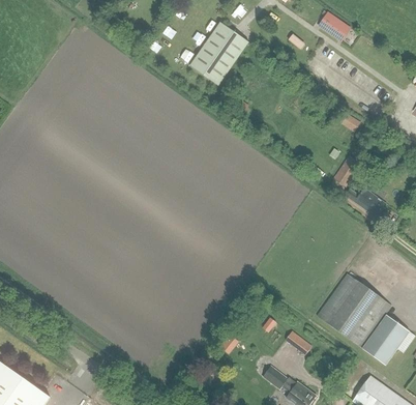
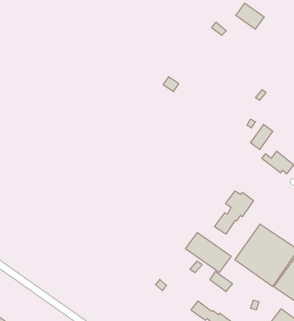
building: [190,23,249,86] -> none
building: none -> [215,191,253,234]
building: none -> [185,233,231,272]

